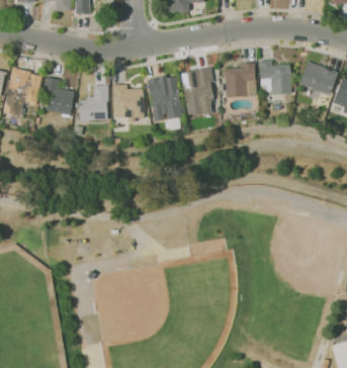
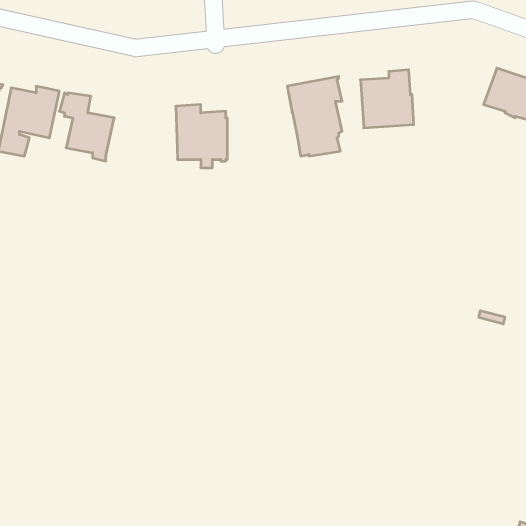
building: [259,61,296,94] -> none
building: [147,75,182,121] -> none
building: [79,85,109,121] -> none

